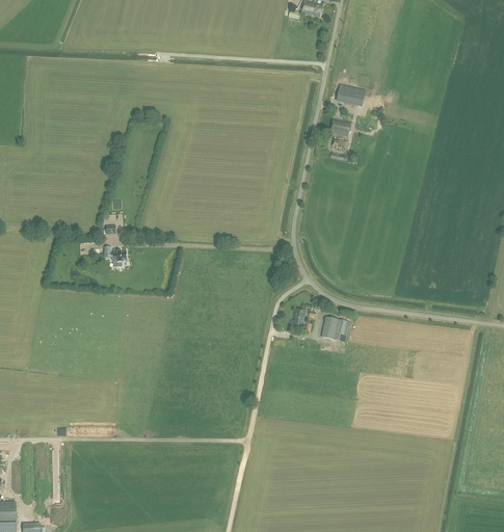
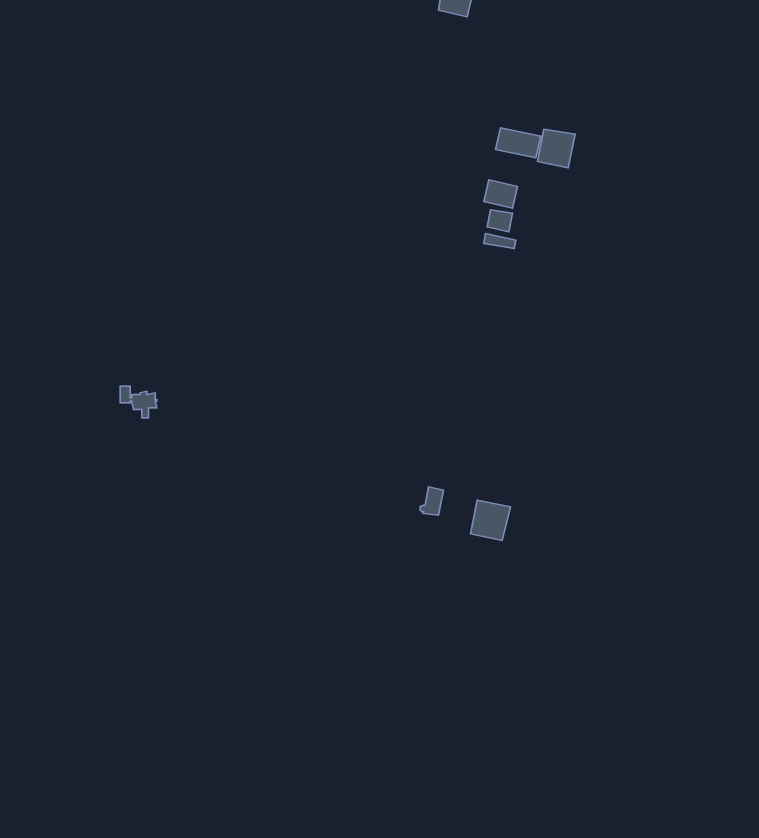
building: none -> [537,129,575,168]

